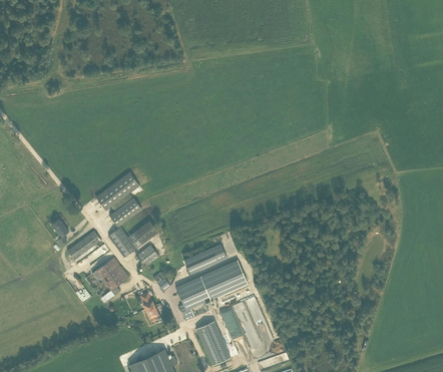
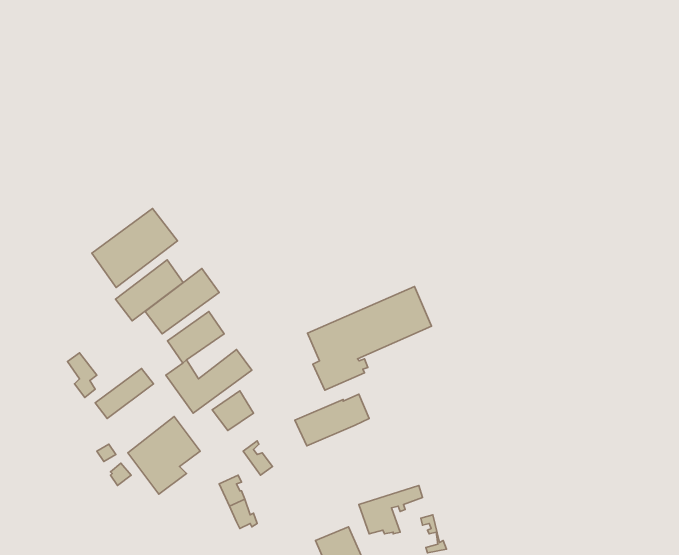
building: none -> [92,208,178,287]
building: none -> [115,260,183,321]
building: [175,260,248,320] -> [308,287,432,390]

